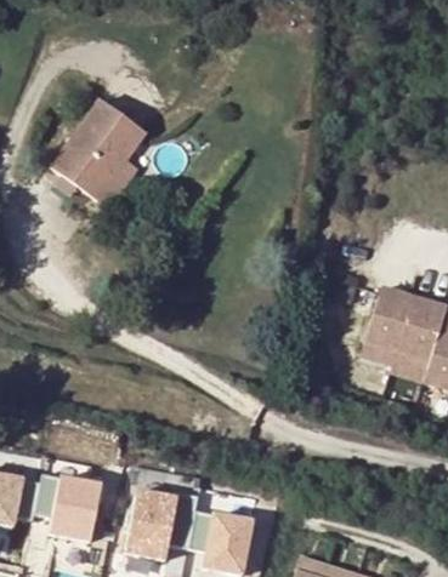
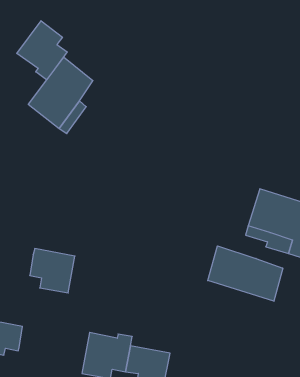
building: none -> [17,21,67,80]
building: none -> [208,246,283,301]
building: [35,475,101,539] -> [30,249,75,293]

